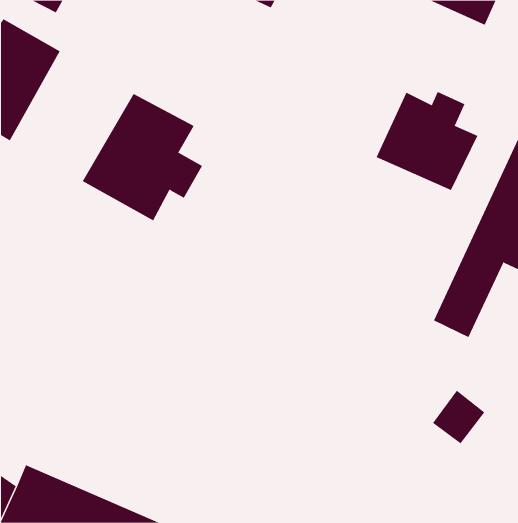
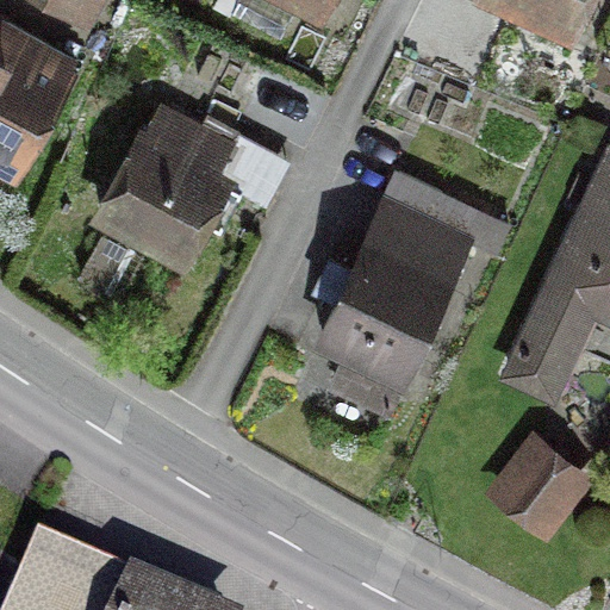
building: [376,91,478,191] -> none
building: none -> [319,200,468,407]

